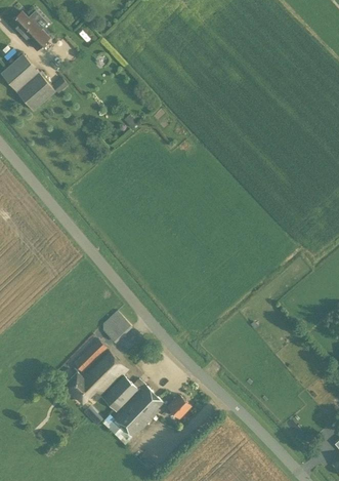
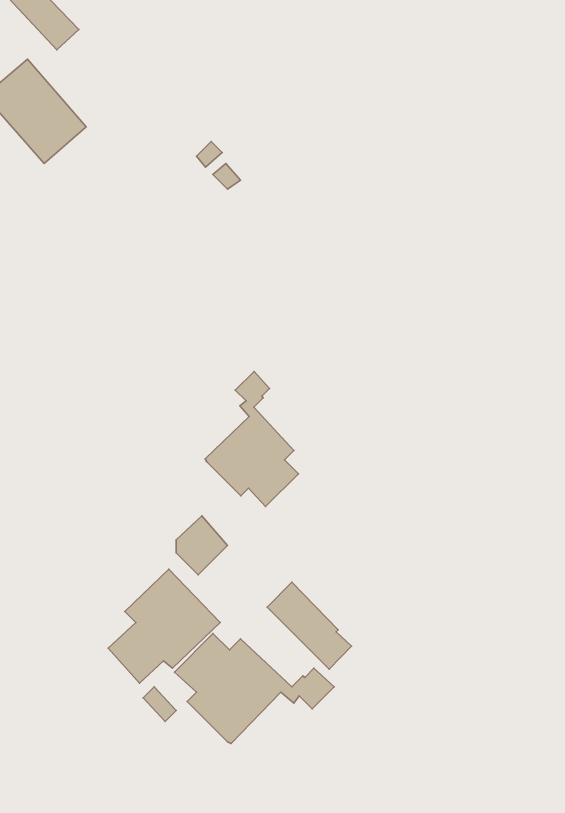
building: none -> [205,371,298,507]
building: none -> [267,582,352,669]

